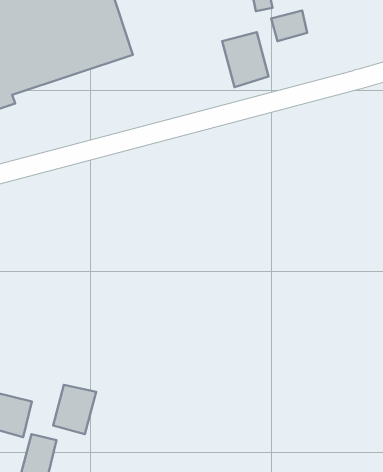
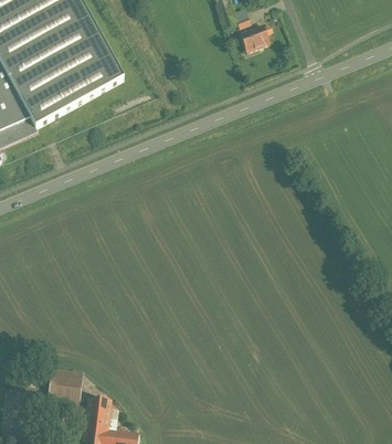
building: [222,32,269,87] -> none
building: [53,385,96,434] -> none

